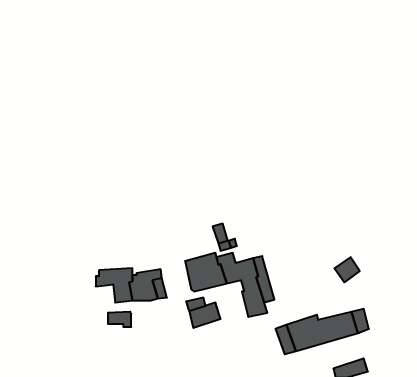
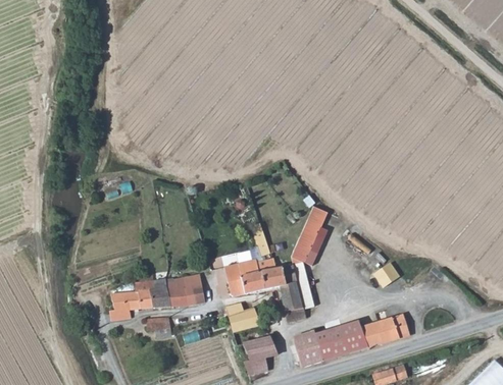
building: none -> [291,208,328,264]
building: none -> [110,290,154,321]
building: none -> [293,332,324,368]
building: none -> [243,336,276,376]

